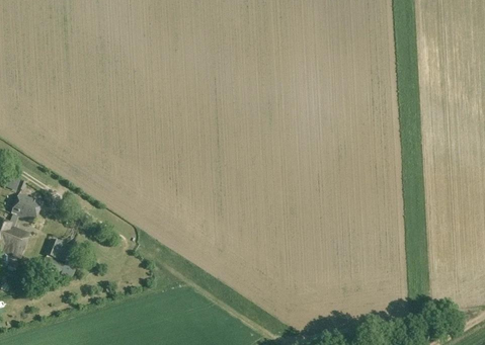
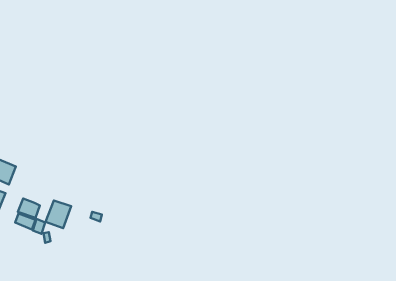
building: none -> [45,201,71,228]

